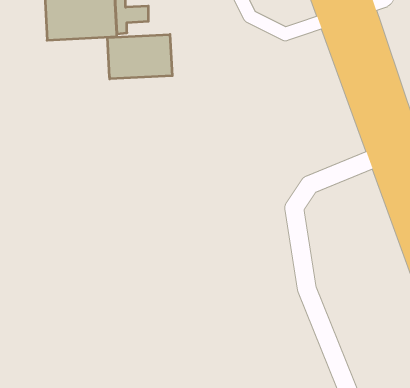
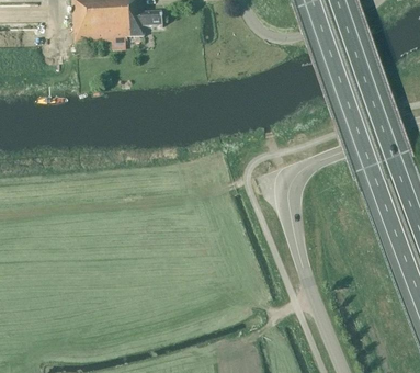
building: [107,34,172,79] -> none

